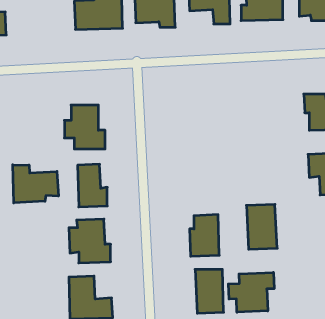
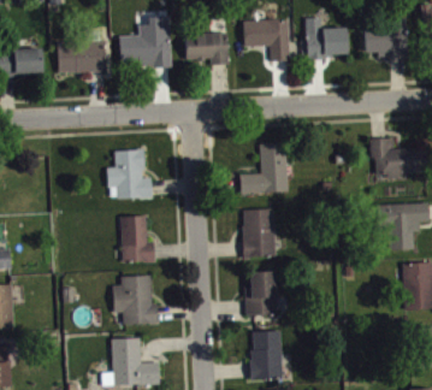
building: none -> [57,41,105,72]
building: none -> [239,143,288,194]
building: [13,165,58,203] -> none
building: [246,204,277,249] -> [242,208,276,258]
building: [228,272,274,312] -> none

